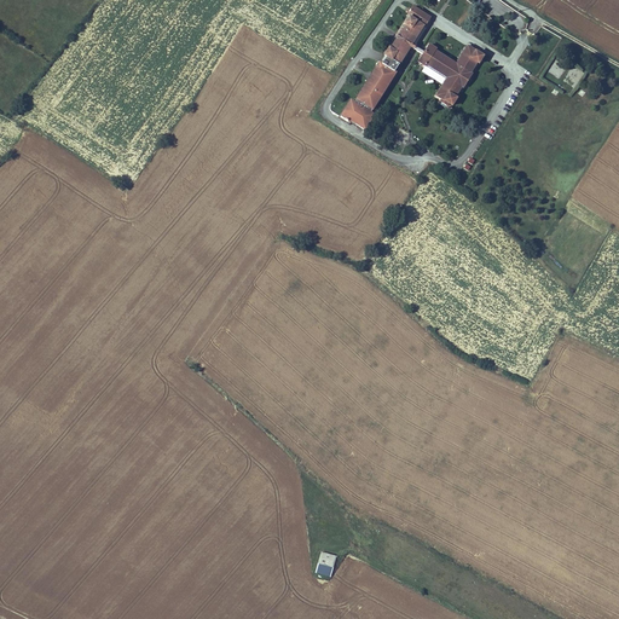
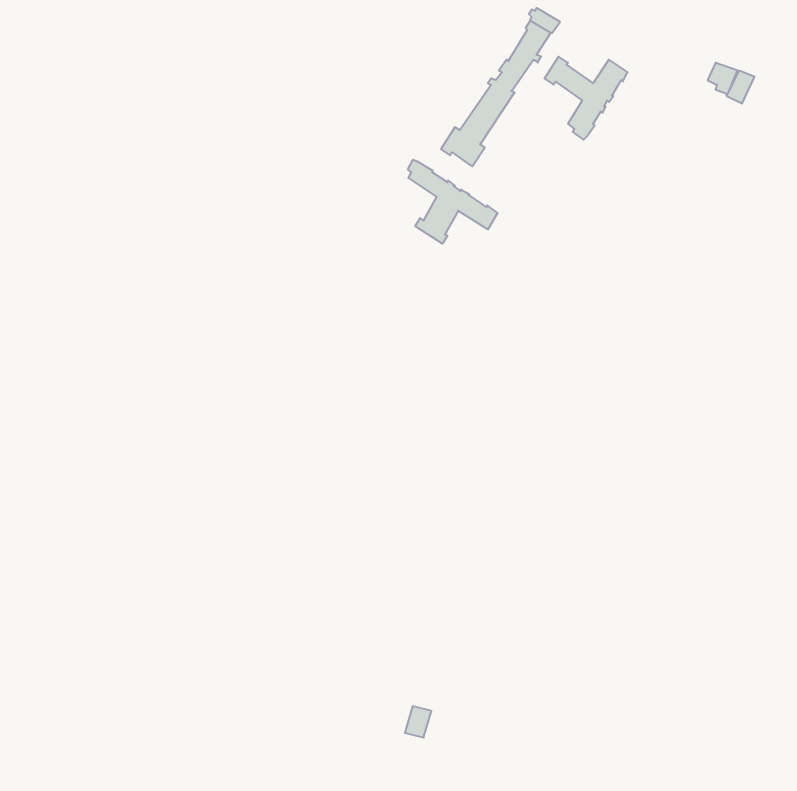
building: none -> [408,160,498,244]

